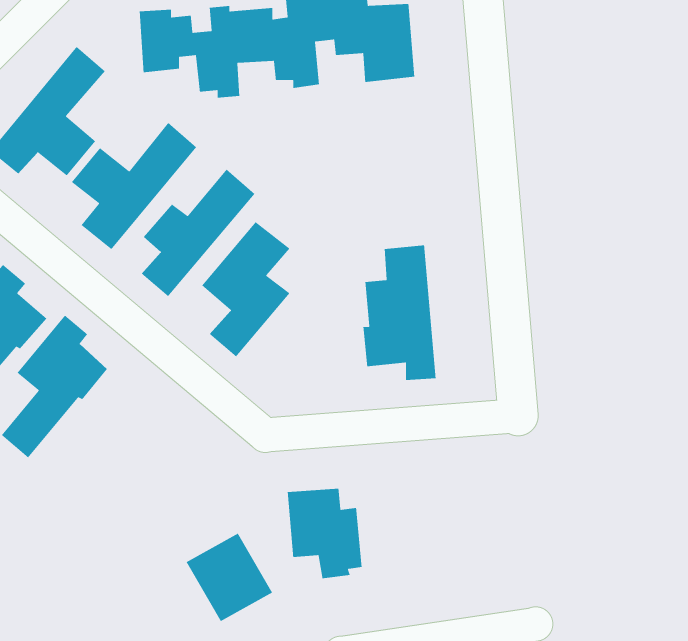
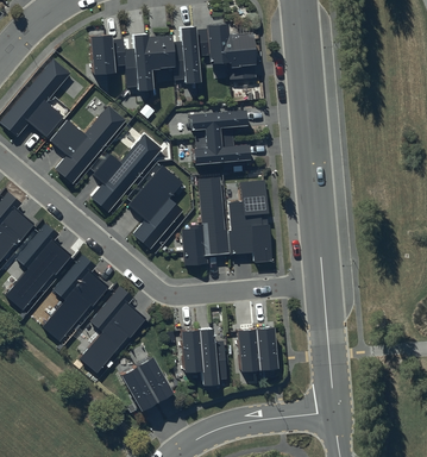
building: none -> [189,109,251,163]
building: none -> [181,175,230,265]
building: none -> [43,255,109,342]
building: none -> [80,286,146,374]
building: none -> [236,326,277,370]

